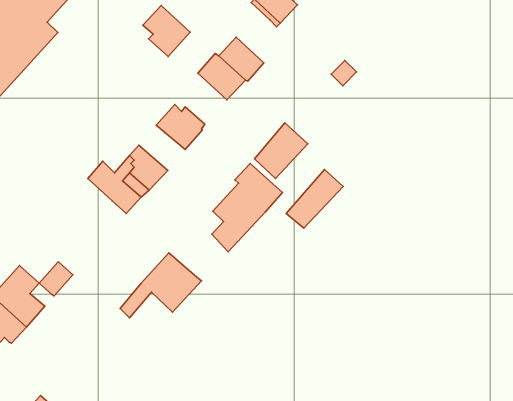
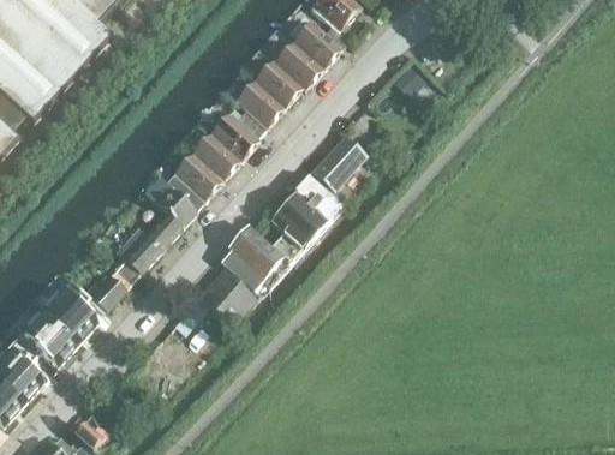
building: [143,5,190,56] -> [235,79,285,132]
building: none -> [294,23,341,68]
building: none -> [193,133,241,180]
building: [286,170,343,228] -> none
building: none -> [115,211,180,282]
building: none -> [220,226,286,291]

